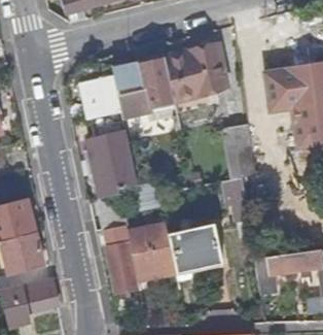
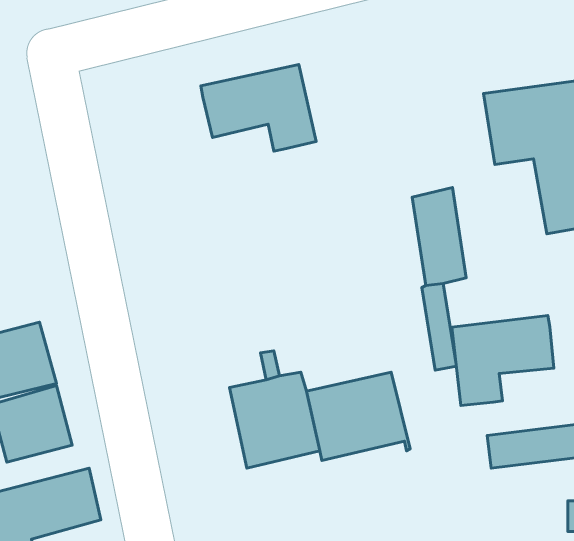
building: [165,46,226,100] -> none
building: [83,76,139,197] -> none
building: none -> [452,315,554,405]
building: [108,243,139,294] -> none

